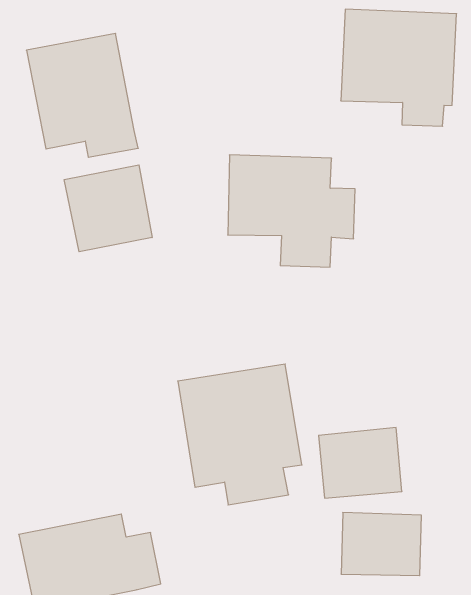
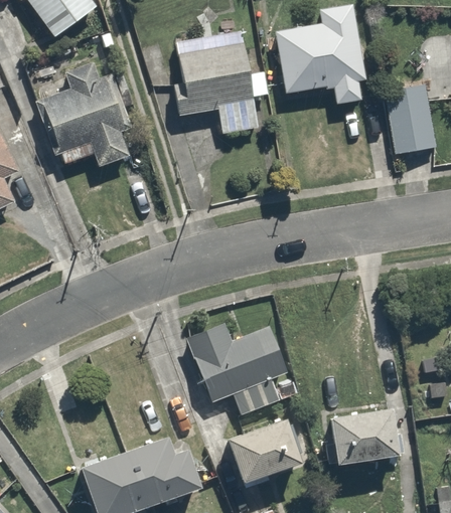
building: [228,155,355,267] -> [171,50,275,138]
building: [64,165,152,252] -> none
building: [319,428,402,498] -> [228,421,297,483]

